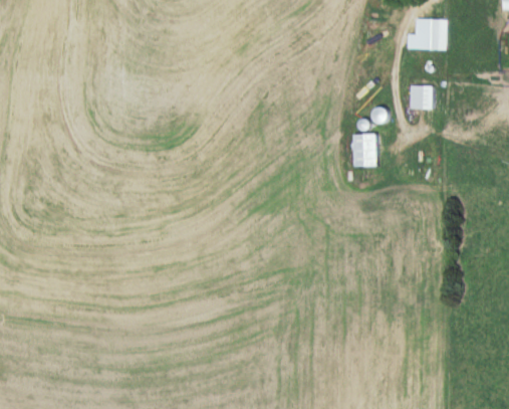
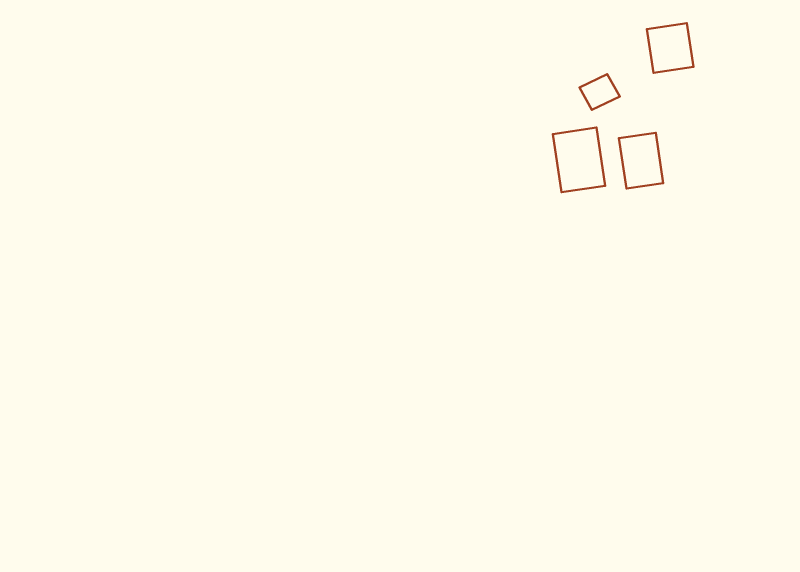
building: none -> [619,133,663,188]

